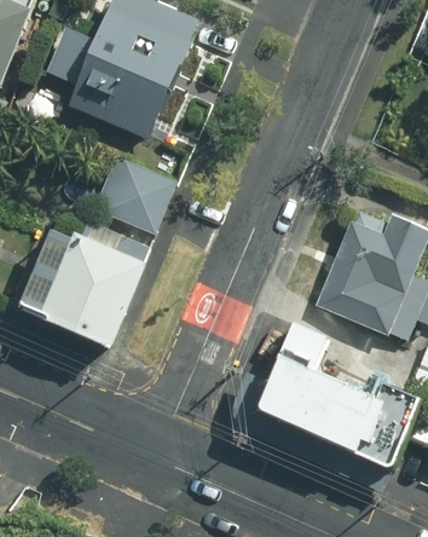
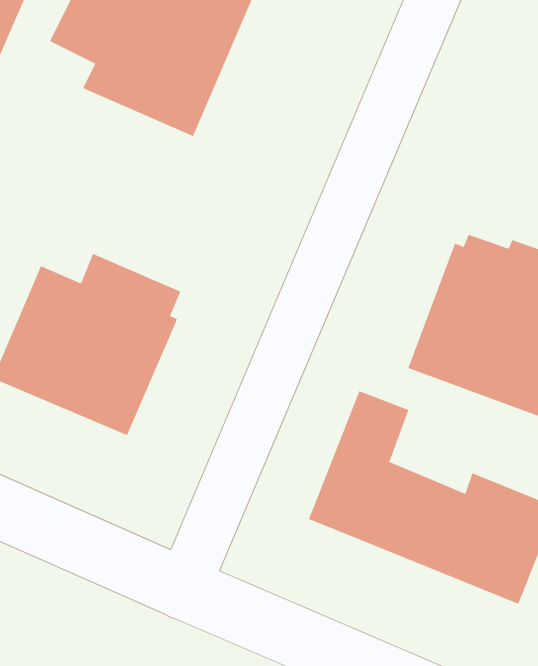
building: [103,154,181,233] -> none

